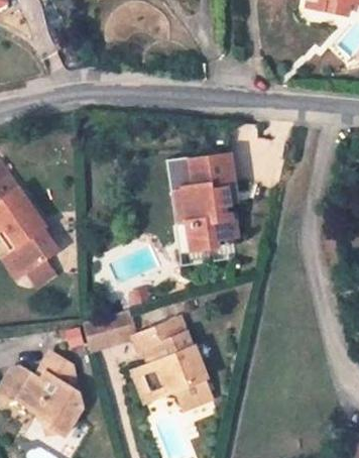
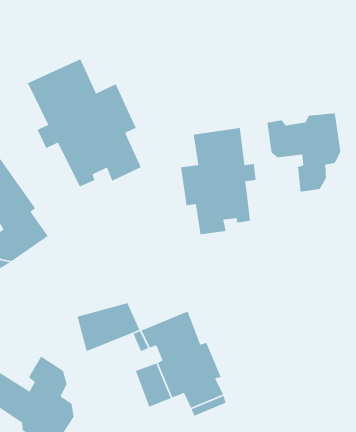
building: none -> [27,58,142,188]
building: none -> [266,113,341,192]

